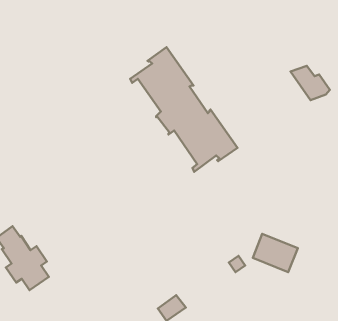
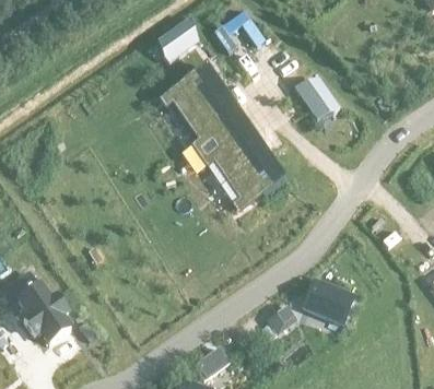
building: none -> [157,19,197,63]
building: [291,66,330,100] -> [295,81,340,120]

